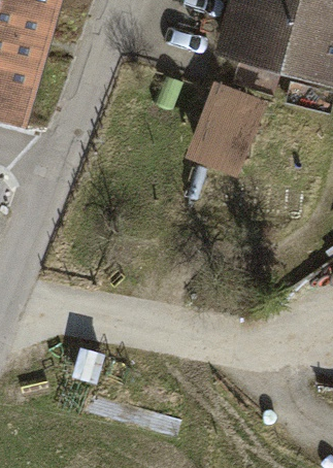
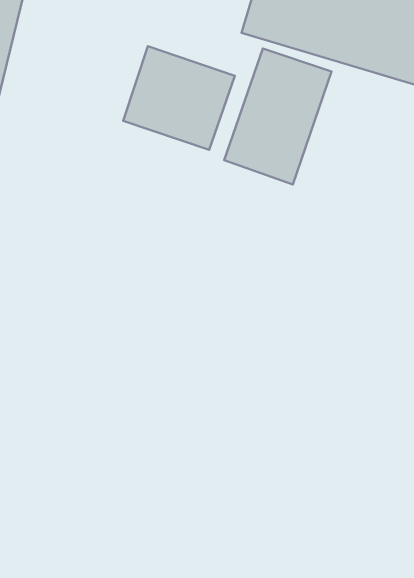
building: none -> [123,46,235,150]

